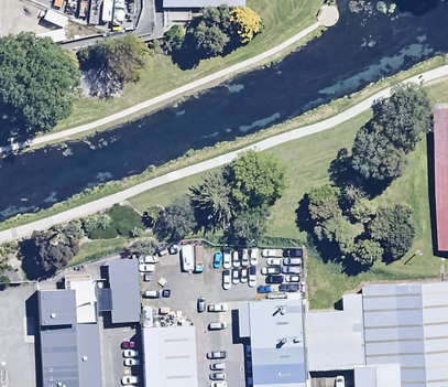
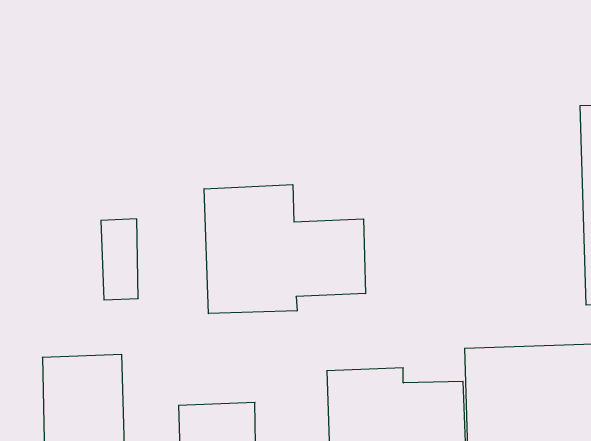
building: none -> [204,185,366,314]
building: [112,264,140,323] -> [101,219,138,300]

